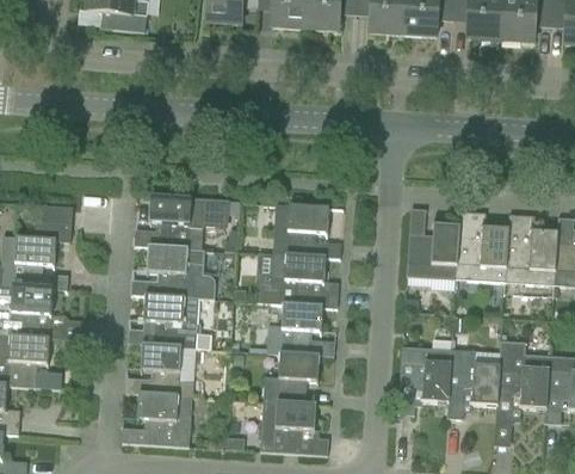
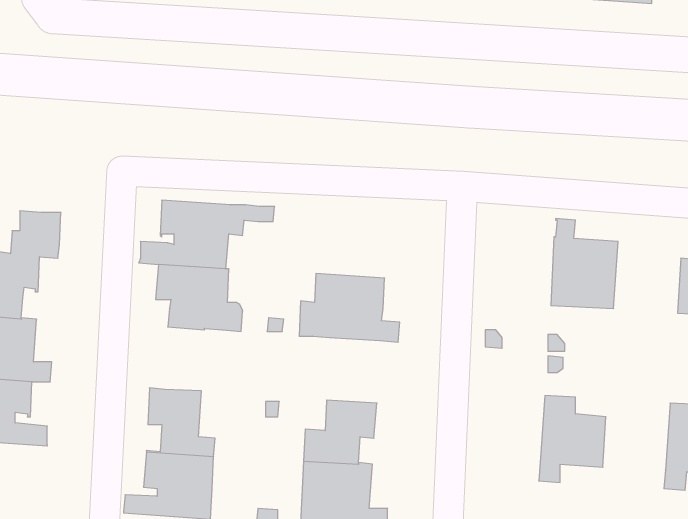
building: [272,204,344,259] -> none
building: [407,208,458,279] -> none
building: [505,215,557,285] -> none
building: [143,296,200,347] -> none
building: [266,304,335,357] -> none
building: [496,340,549,421] -> none
building: [397,346,451,415] -> none

